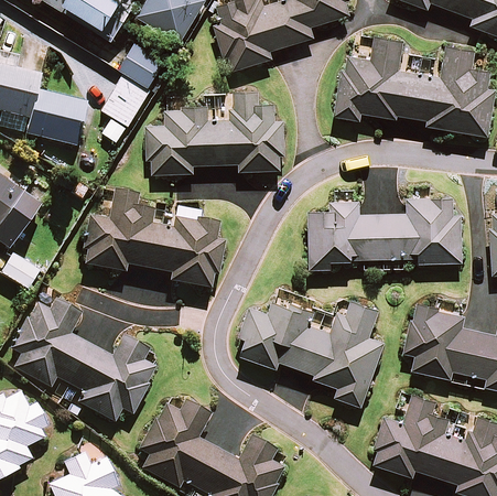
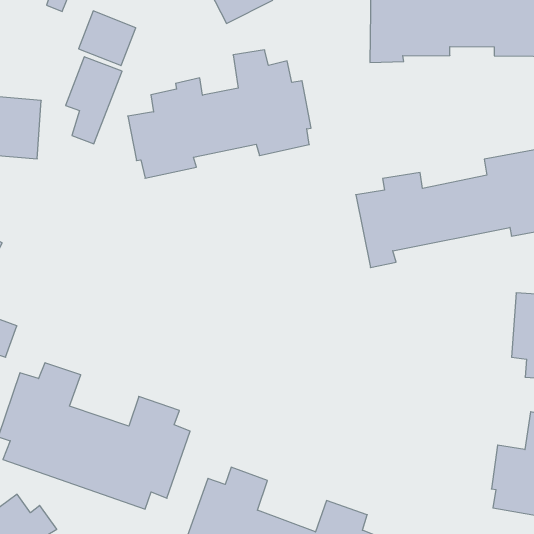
building: [83,192,223,288] -> none
building: [241,302,382,407] -> none

